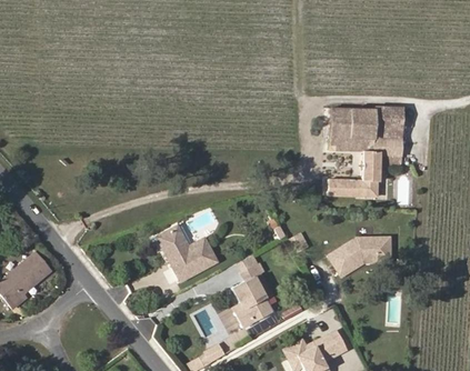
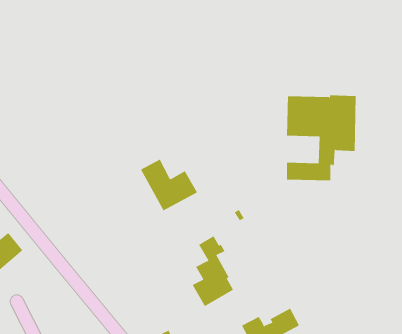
building: [156,225,217,281] -> [140,159,198,211]
building: [327,235,392,278] -> none

